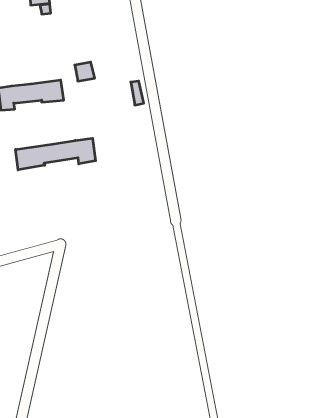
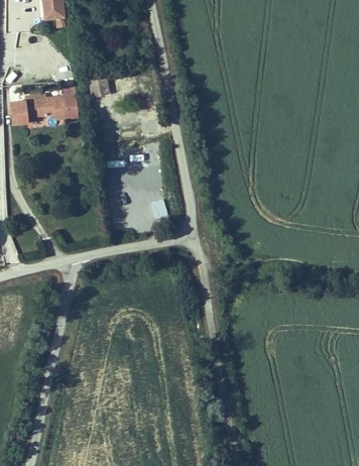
building: [16,138,96,170] -> none

